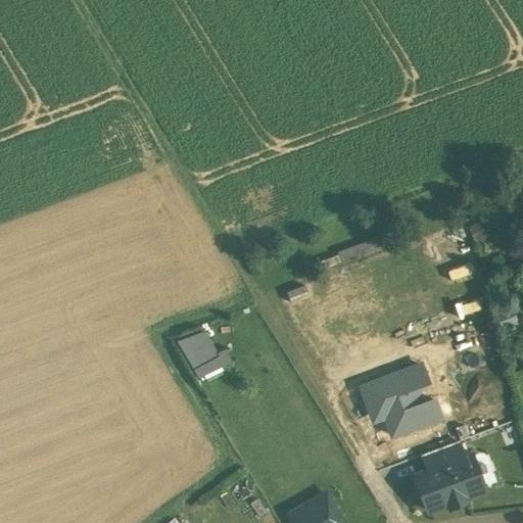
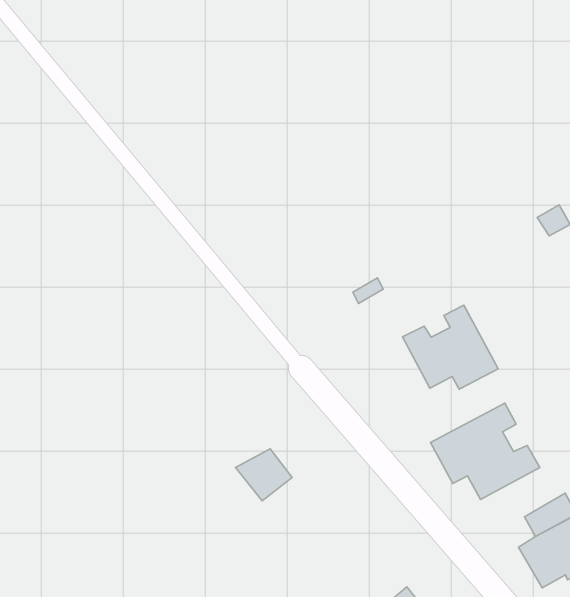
building: none -> [403,305,498,389]
building: [177,333,219,372] -> [236,449,292,501]

